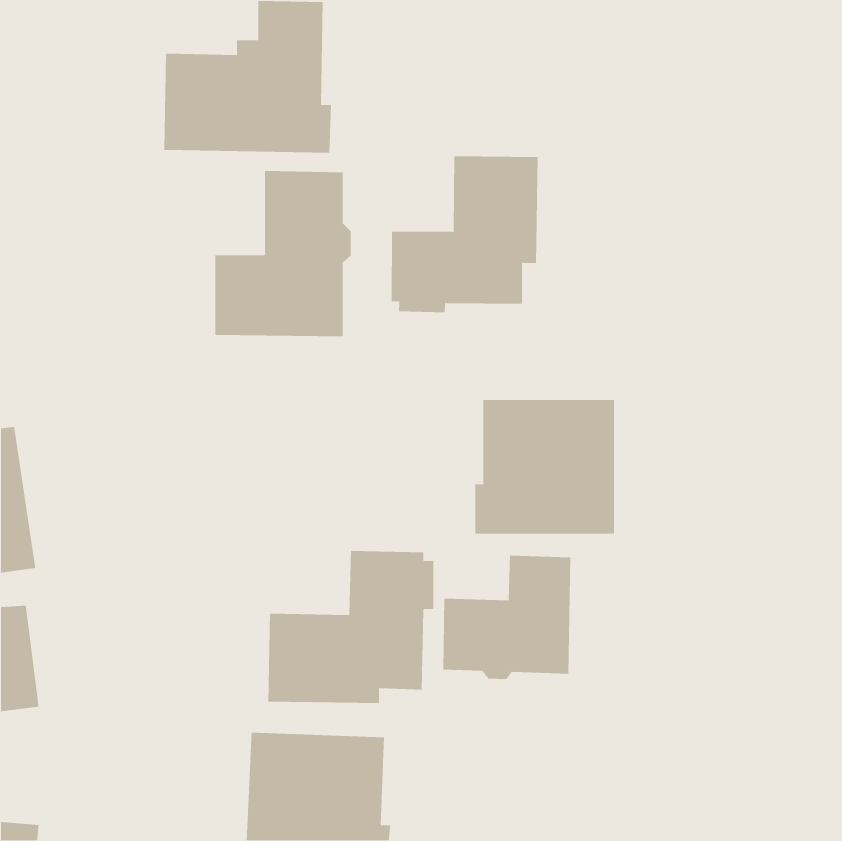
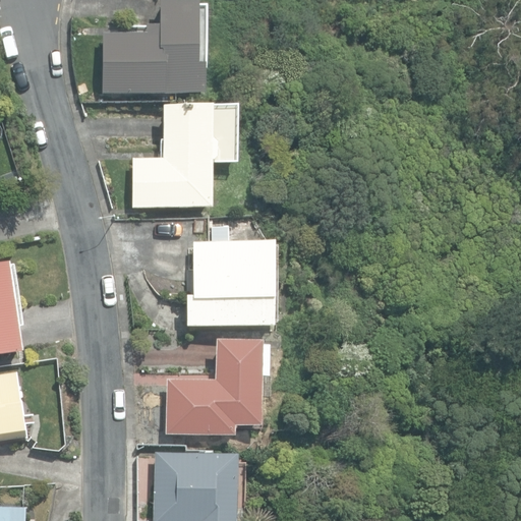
building: [391,155,539,313] -> none
building: [474,399,615,535] -> [187,242,274,326]
building: [443,555,571,680] -> none

